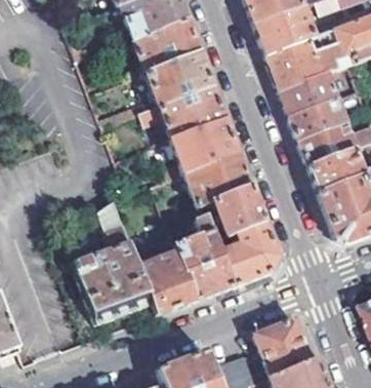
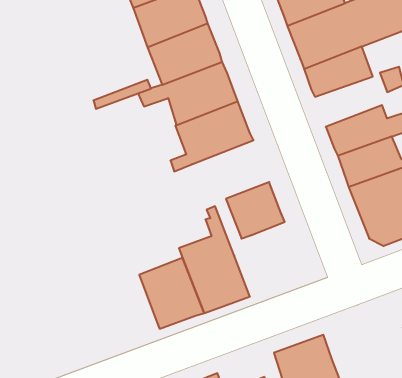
building: [289,96,346,140] -> none
building: [184,151,250,207] -> none
building: [73,200,152,319] -> none
building: [220,221,277,284] -> none

